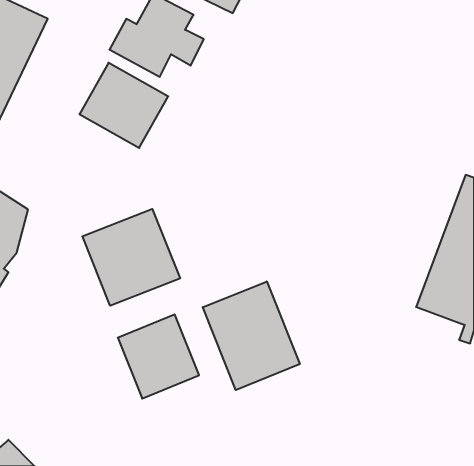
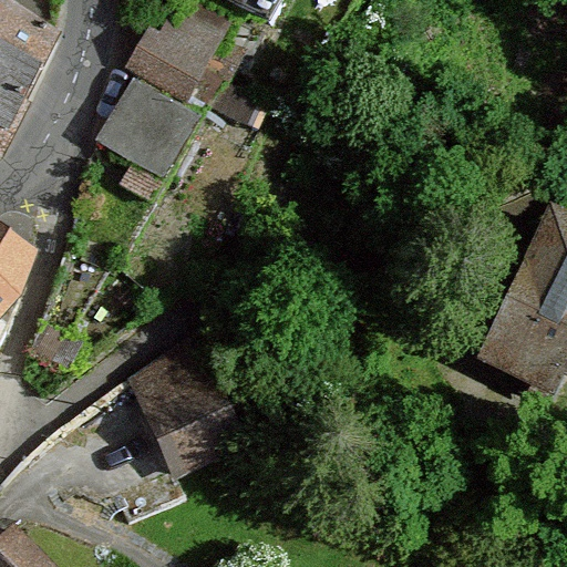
building: [82,209,180,306] -> none
building: [203,281,300,390] -> none

